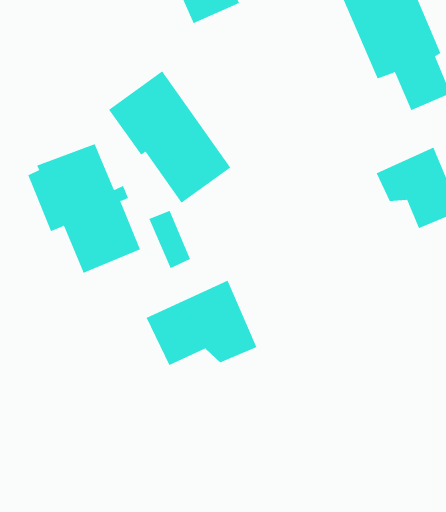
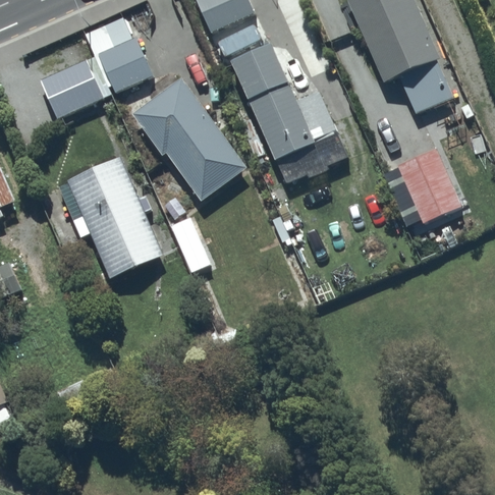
building: none -> [39,17,152,119]
building: none -> [231,40,347,184]
building: [146,280,257,366] -> none

